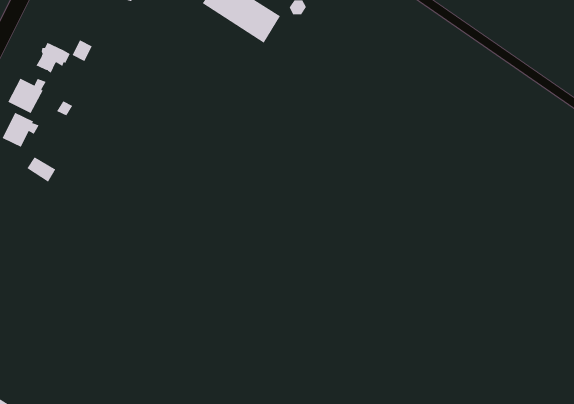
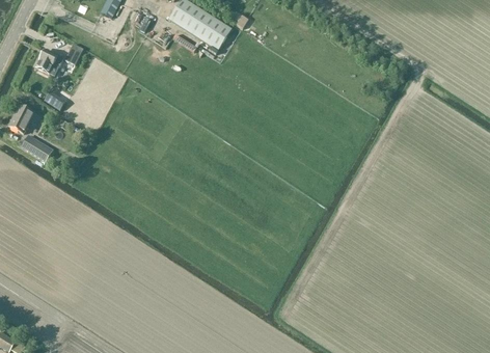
building: [7,78,46,114] -> none

